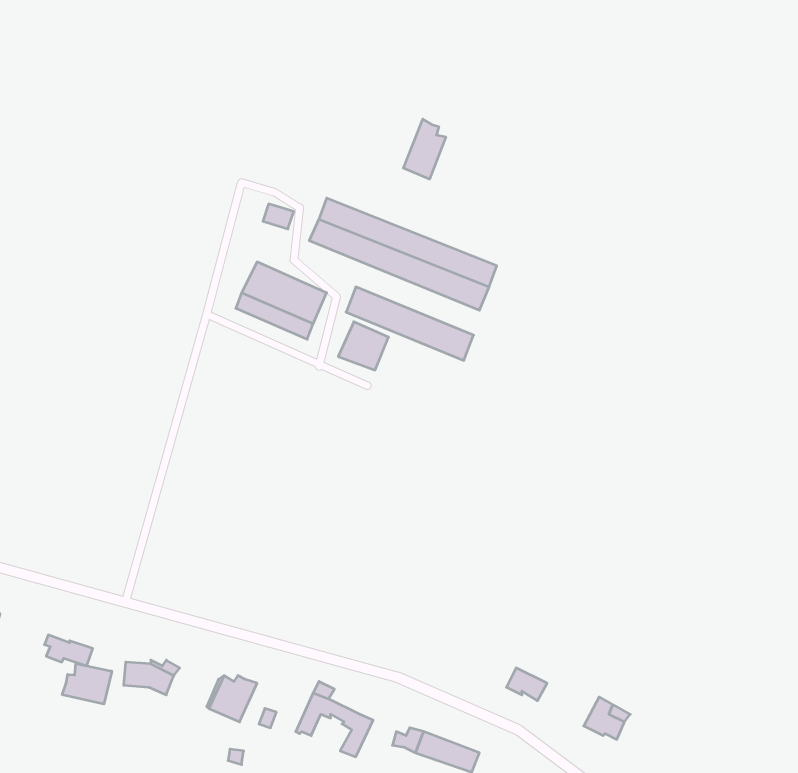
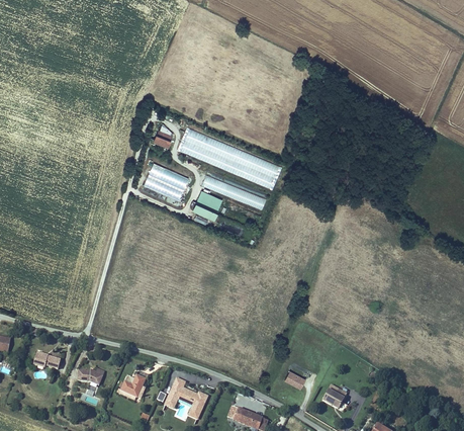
building: [403,119,446,179] -> none
building: [62,664,112,704] -> none

